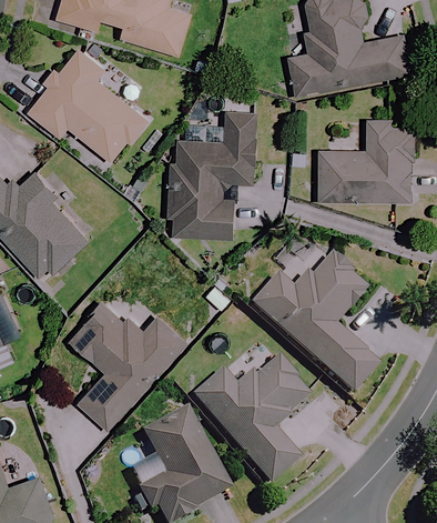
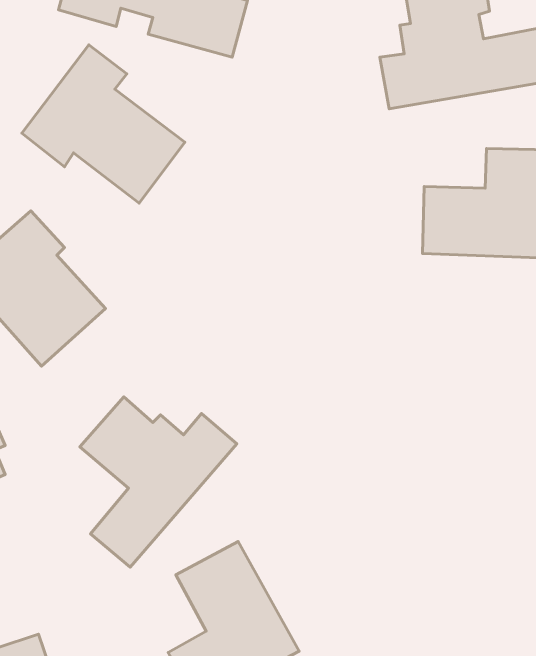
building: [166,112,260,245] -> none
building: [248,255,379,399] -> none
building: [191,361,309,487] -> none

